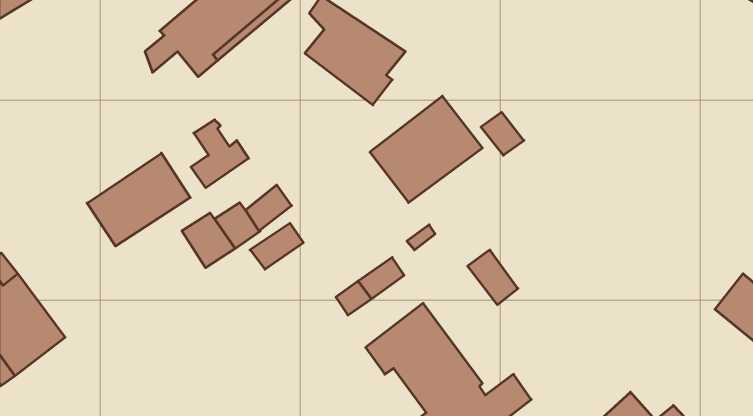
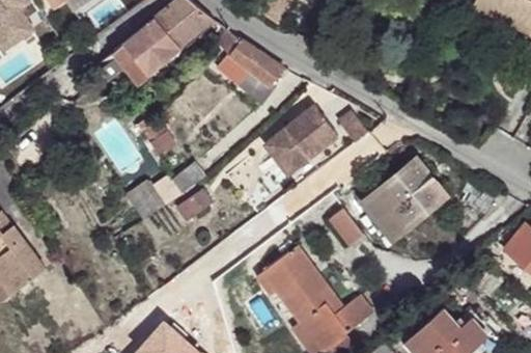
building: [87,153,190,246] -> none
building: none -> [363,159,445,238]

